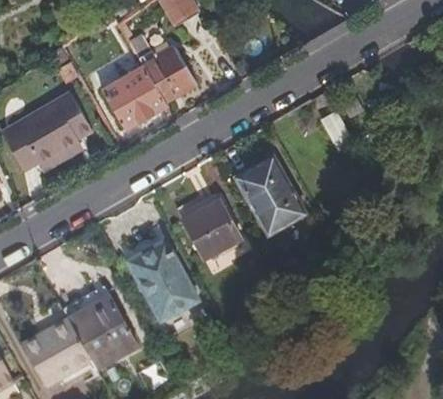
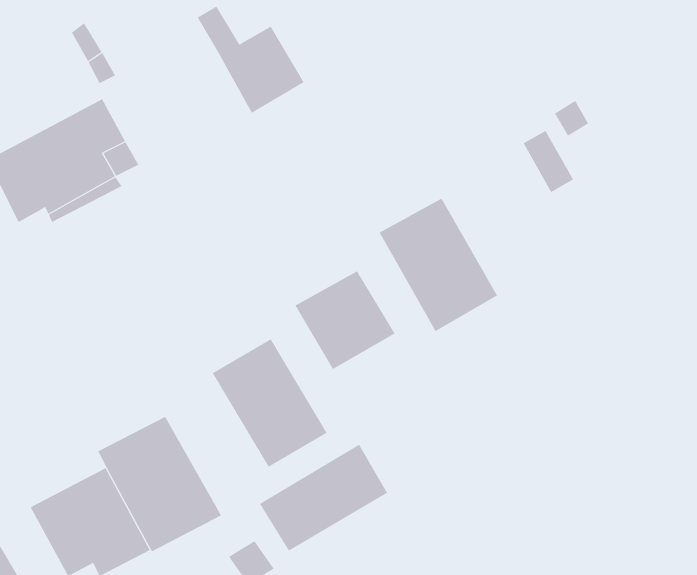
building: [97,69,161,131] -> none
building: none -> [259,444,388,552]

